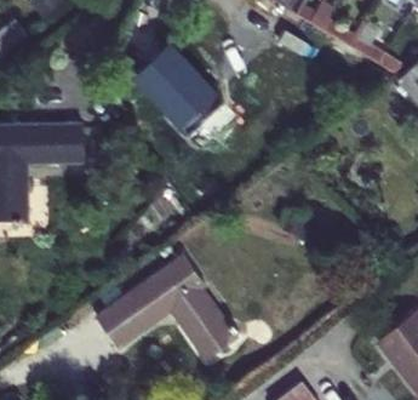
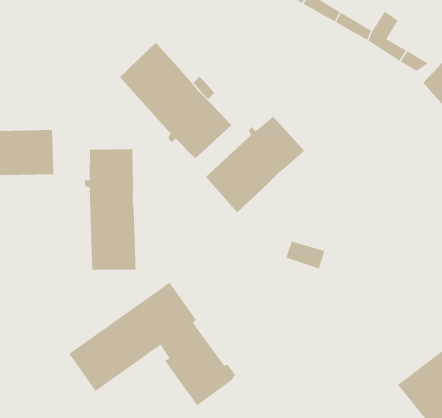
building: none -> [205,116,305,213]
building: none -> [84,148,136,271]

